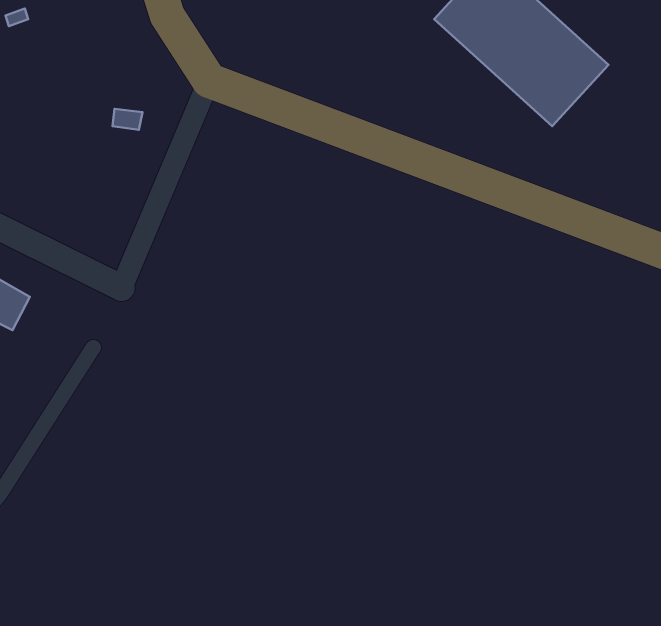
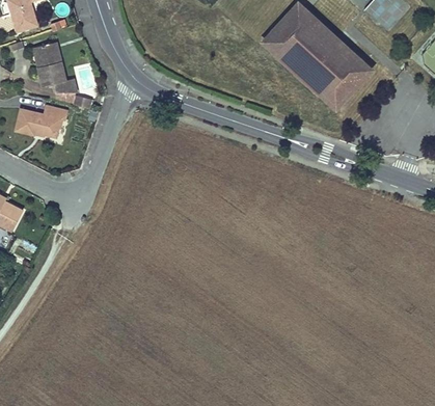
building: none -> [35,39,76,90]
building: none -> [15,103,66,136]

